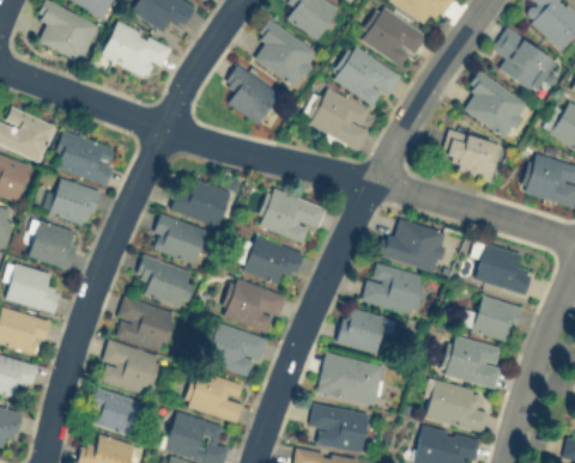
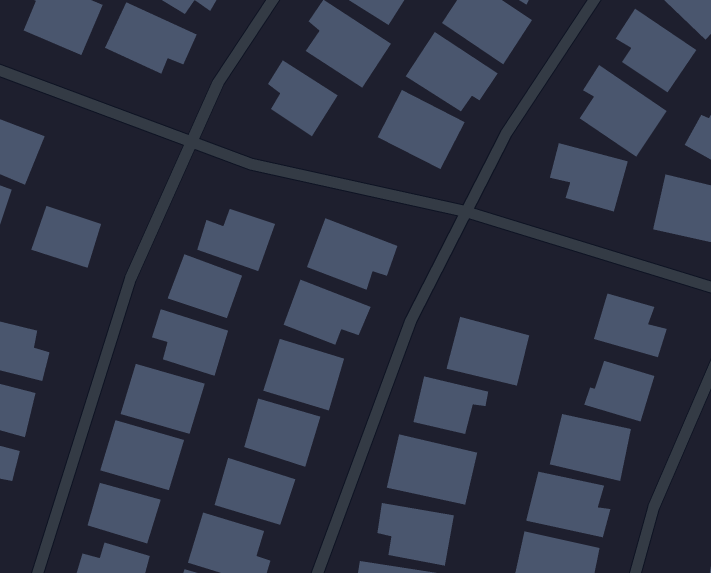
building: [52,132,114,185] -> none
building: [26,220,80,269] -> none
building: [377,220,448,273] -> none

